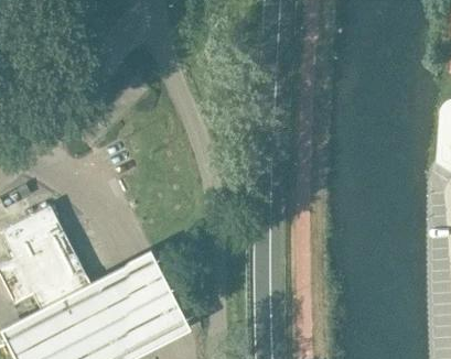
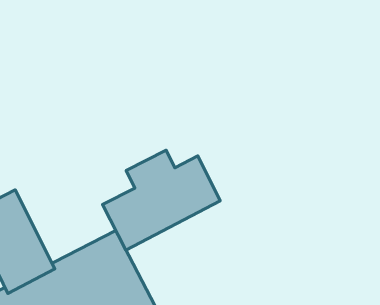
building: none -> [103,150,220,250]

